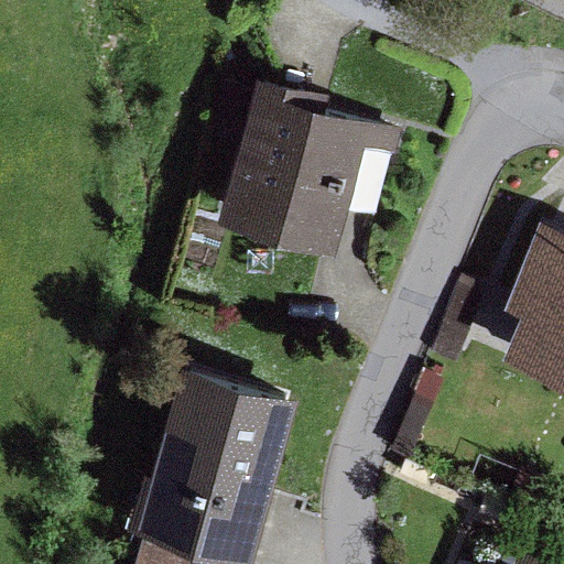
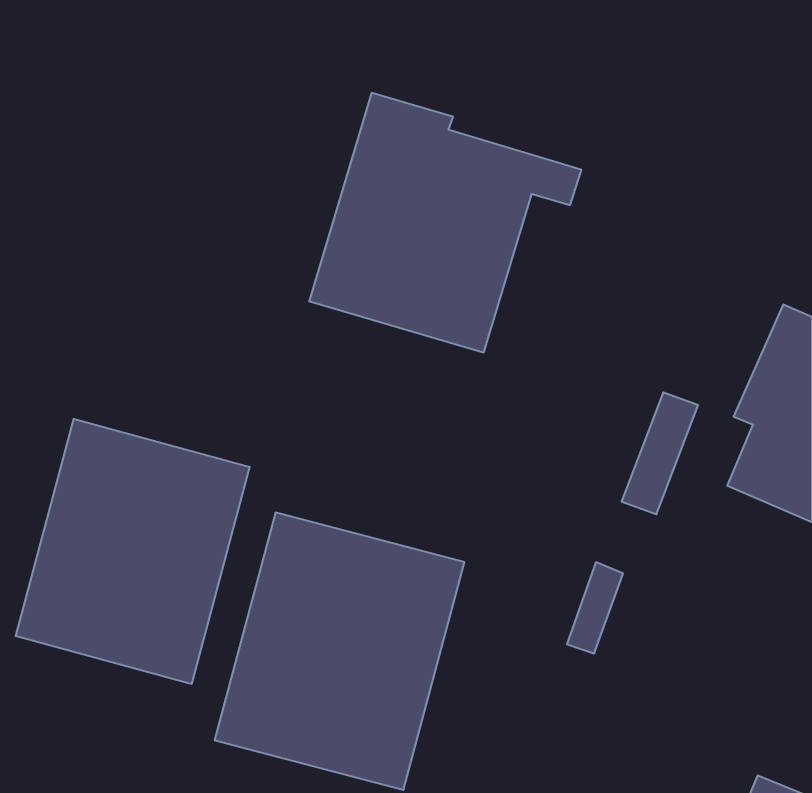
building: none -> [16,419,250,684]

